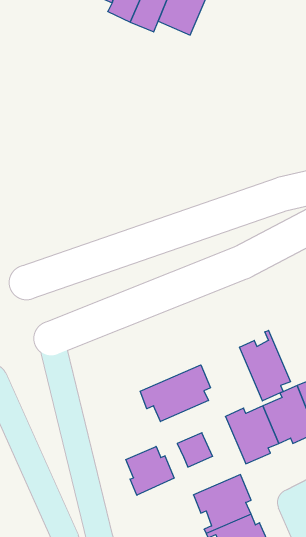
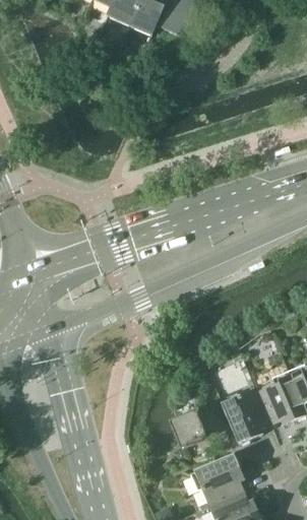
building: [240,330,291,401] -> none
building: [140,365,211,422] -> none
building: [126,446,174,495] -> none

